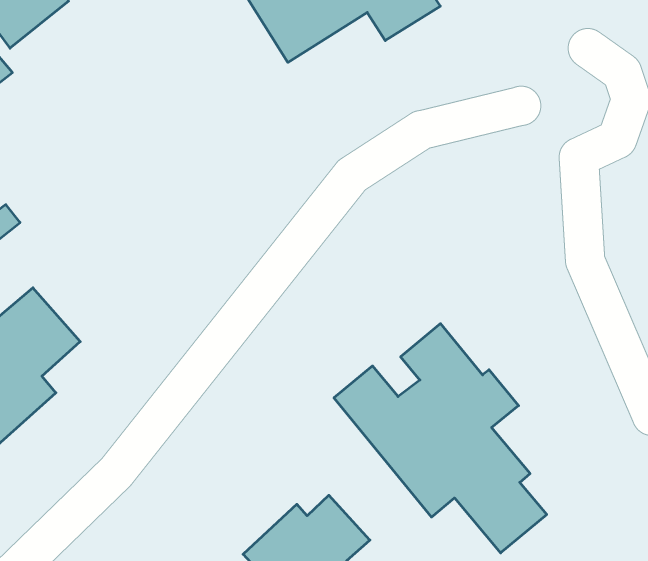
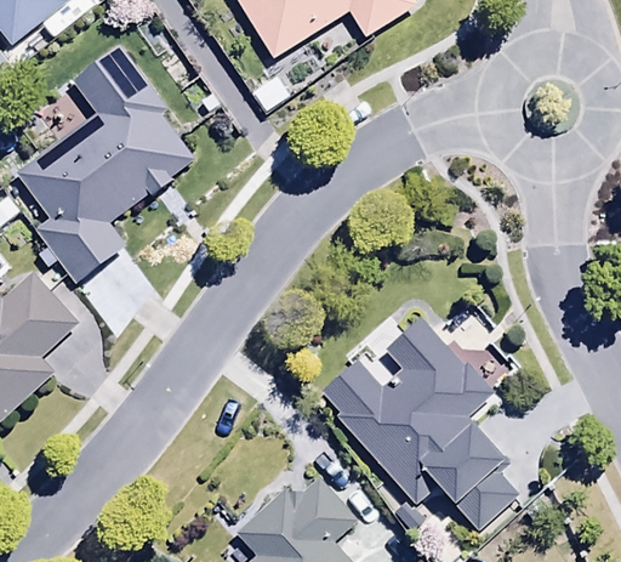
building: none -> [16,51,196,285]

